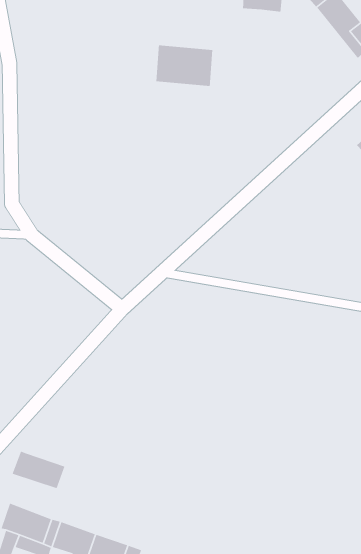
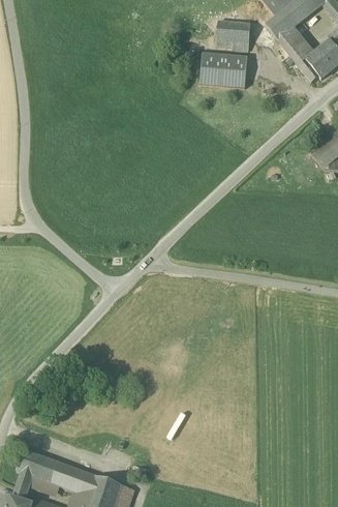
building: [156,44,213,87] -> [201,52,248,87]
building: [12,450,65,489] -> none

